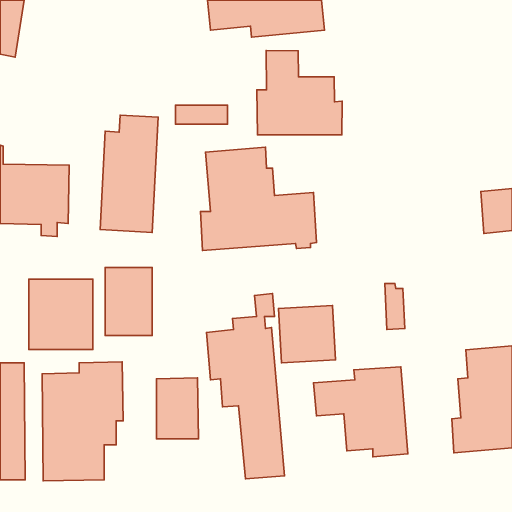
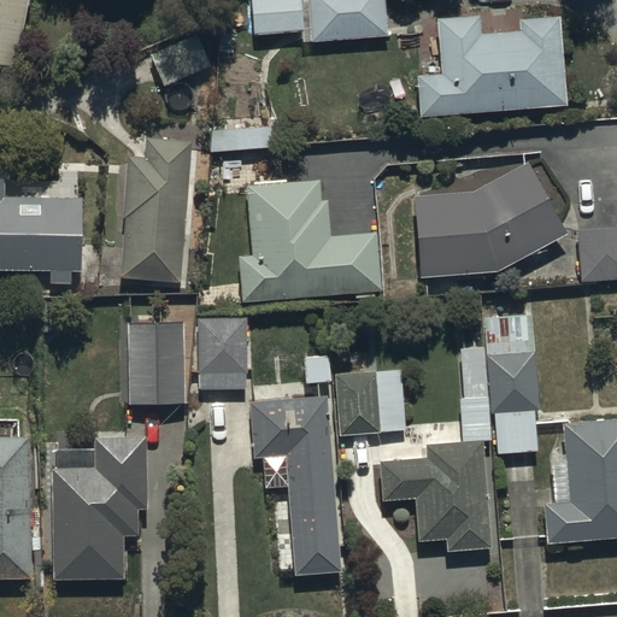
building: none -> [421,13,566,117]
building: none -> [147,30,213,87]
building: [257,50,342,135] -> none
building: none -> [413,161,563,277]
building: none -> [486,315,539,452]
building: [29,279,93,350] -> none
building: [156,378,198,439] -> [198,316,248,389]

